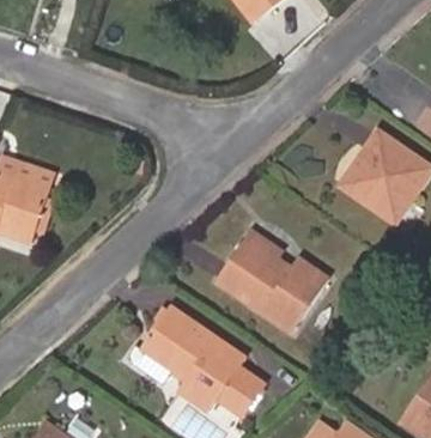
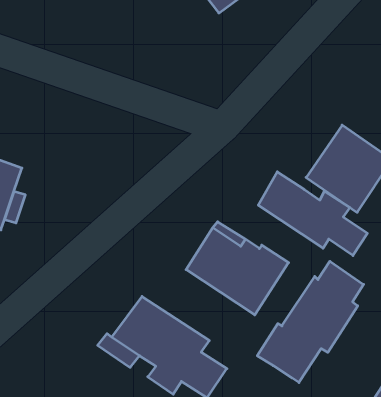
building: none -> [258,172,367,256]
building: none -> [257,261,364,383]

